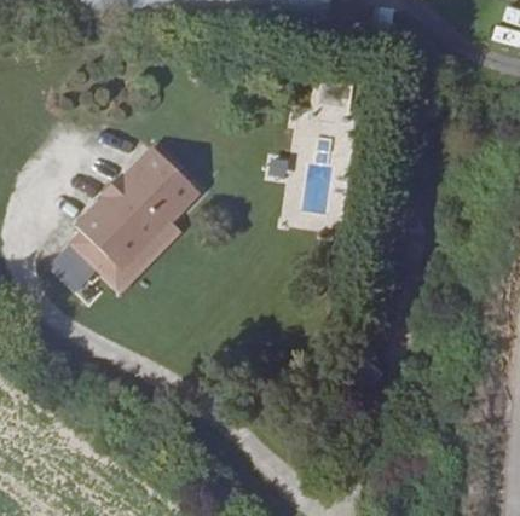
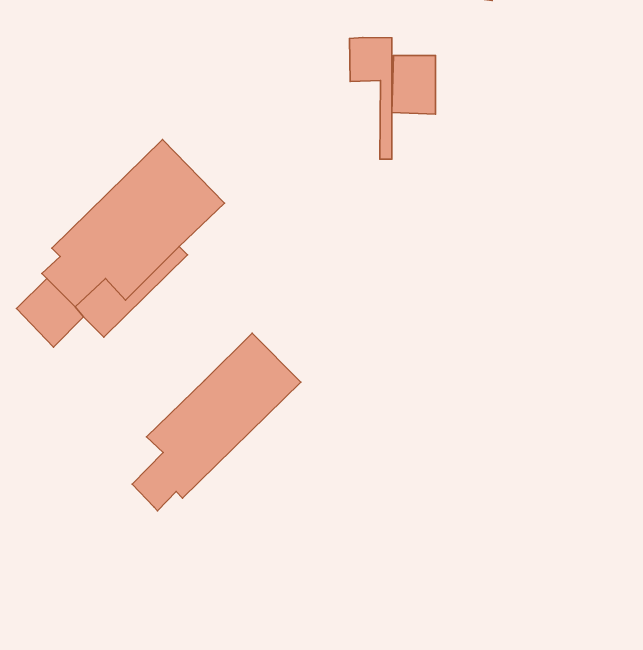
building: none -> [349,37,392,159]
building: none -> [132,333,301,511]

